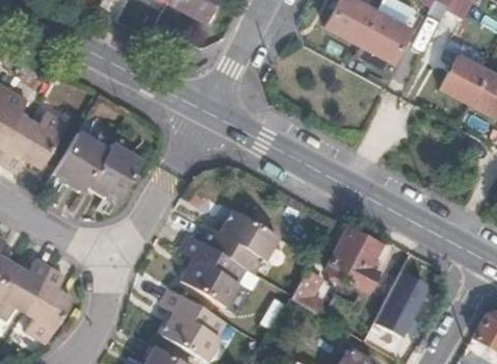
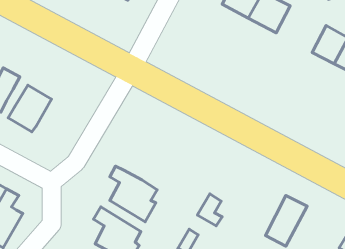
building: [87,142,141,201] -> none
building: [199,210,277,269] -> none
building: [331,230,381,291] -> none

